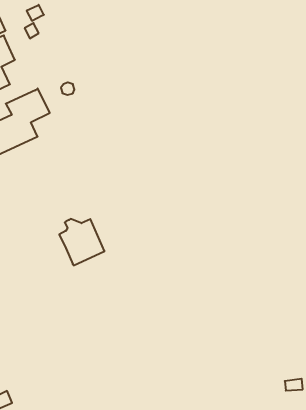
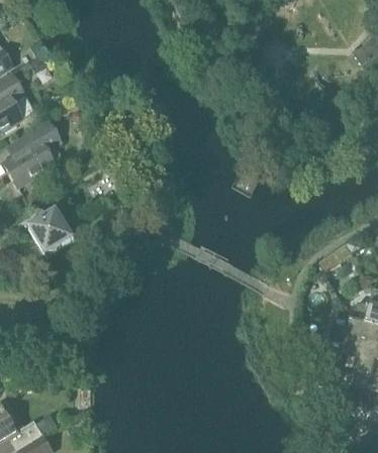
building: [59,219,105,265] -> [29,210,75,256]

